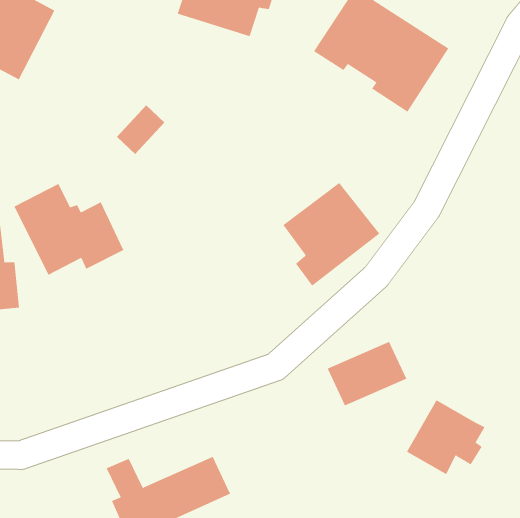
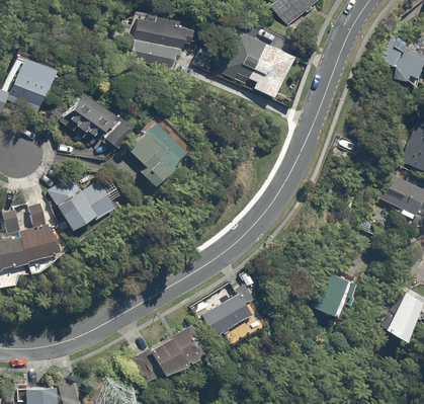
building: none -> [63,90,112,138]
building: [283,182,380,287] -> [130,117,189,183]
building: [327,341,407,406] -> [202,295,252,338]

